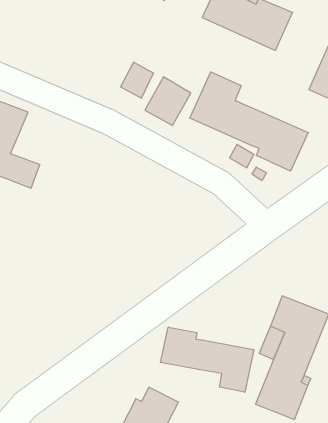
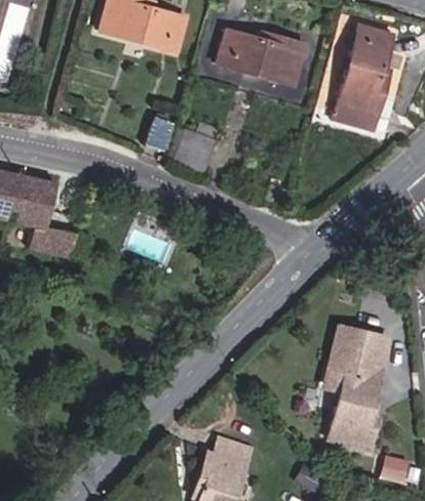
building: [190,72,308,171] -> none
building: [161,327,254,392] -> none

